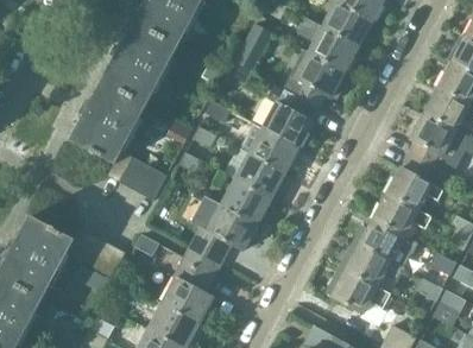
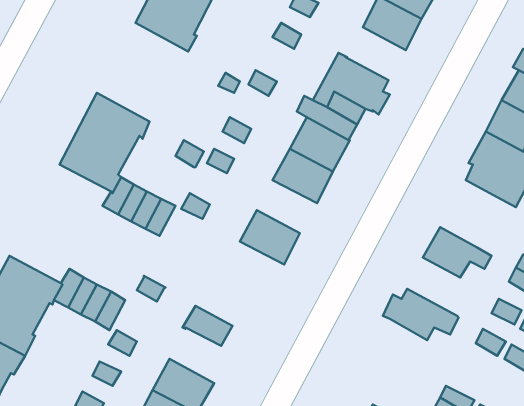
building: [101,23,177,105] -> none
building: [308,26,358,70] -> none
building: [234,153,284,197] -> none
building: [386,153,449,209] -> none
building: [190,204,257,260] -> none
building: [352,217,417,266] -> none
building: [324,268,389,322] -> none
building: [162,276,213,322] -> none

